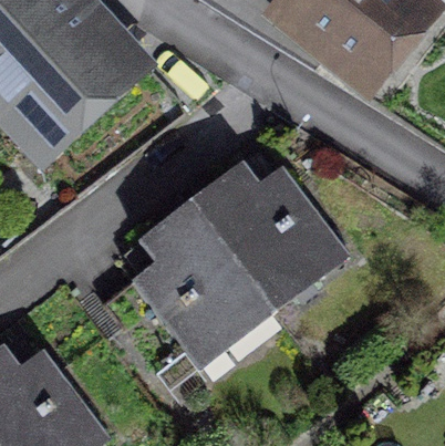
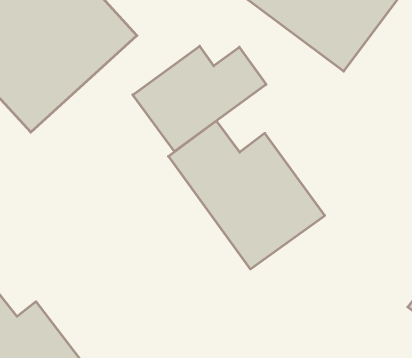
building: none -> [133,46,266,151]
building: [132,197,272,367] -> none

